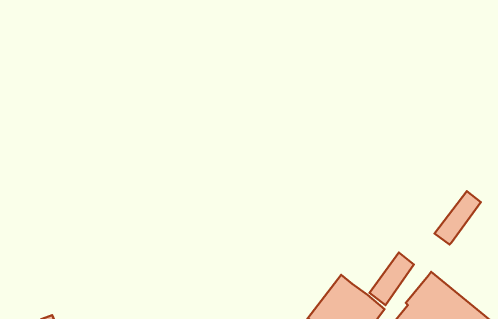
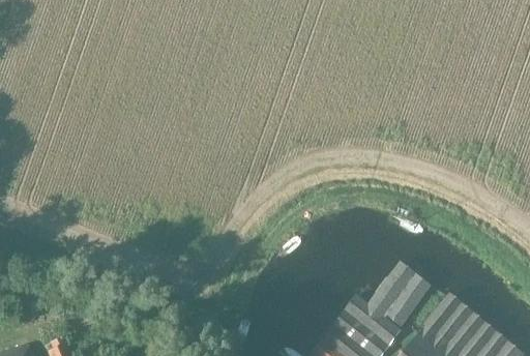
building: [434,191,481,244] -> [369,260,416,315]

